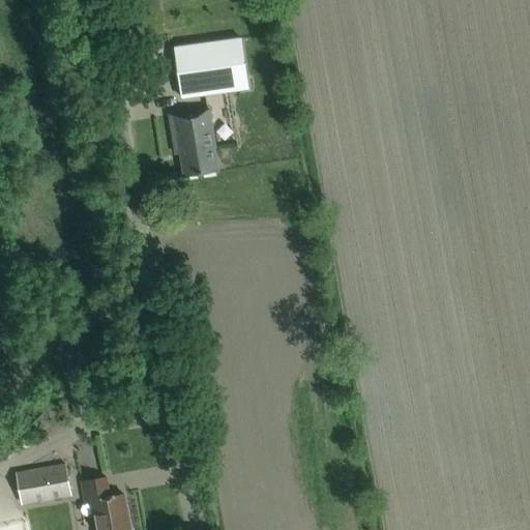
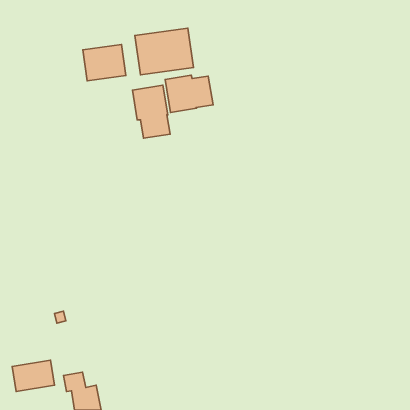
building: none -> [83,45,126,81]
building: none -> [165,75,213,112]

